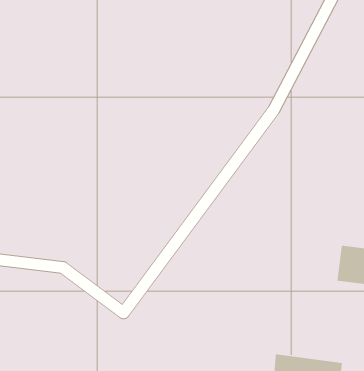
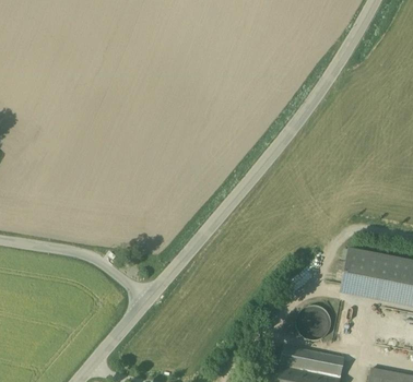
building: none -> [296,306,331,341]

